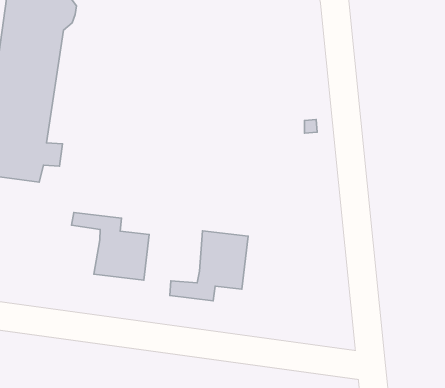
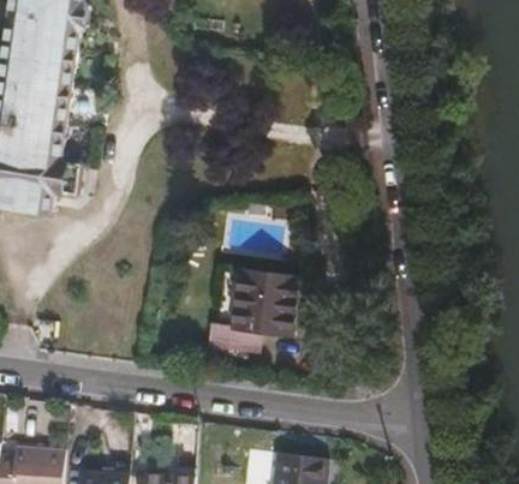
building: [71,213,149,280] -> none

